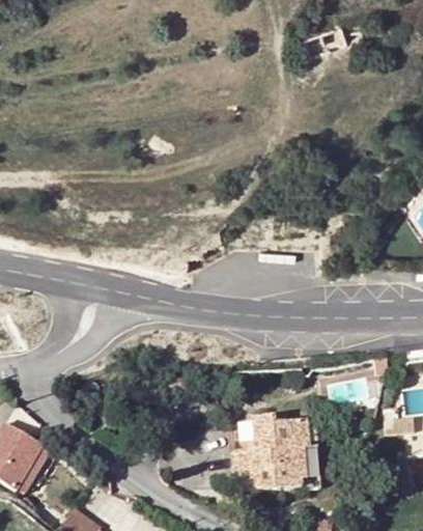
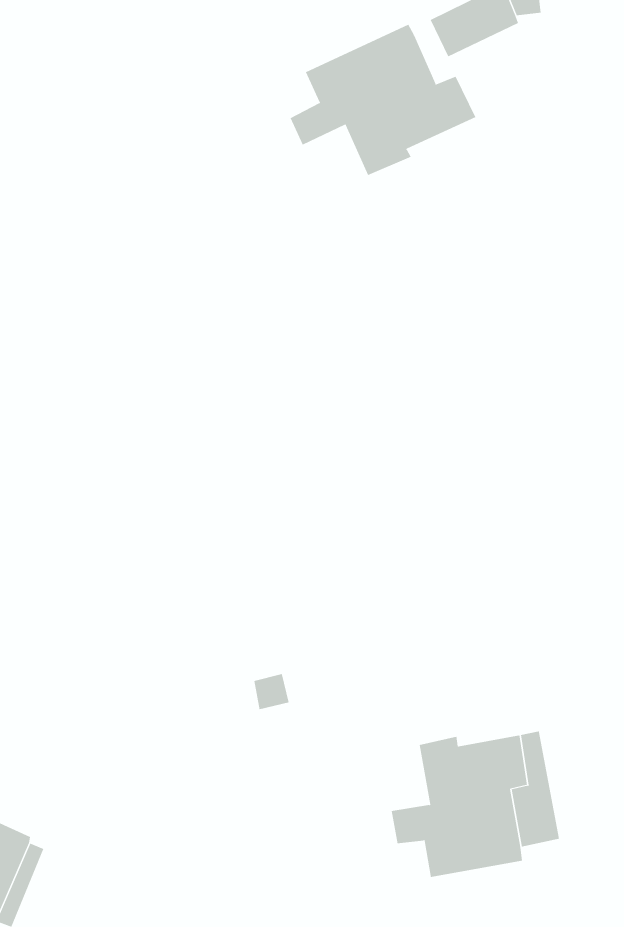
building: none -> [290,24,476,176]

